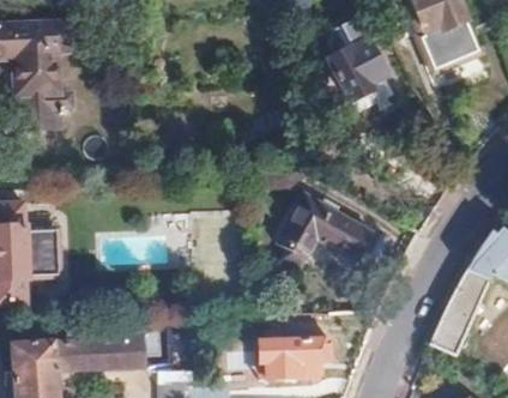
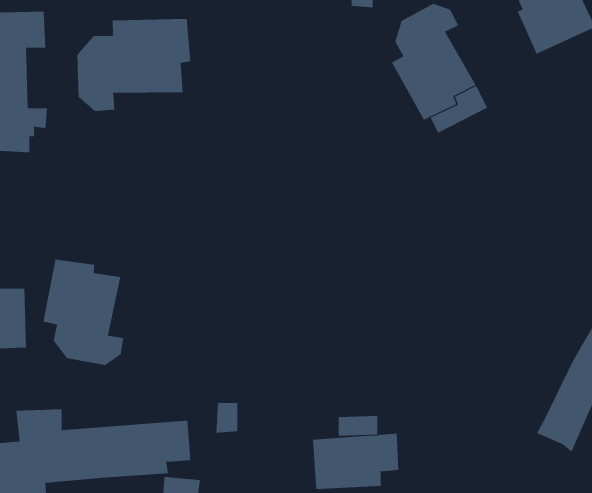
building: none -> [77,18,191,112]
building: [279,197,373,270] -> none
building: none -> [43,259,124,366]

